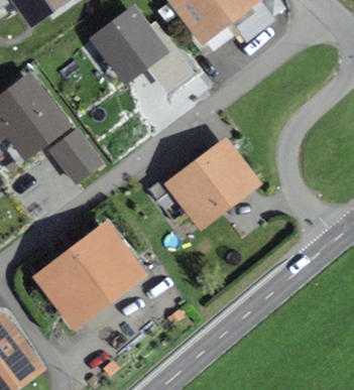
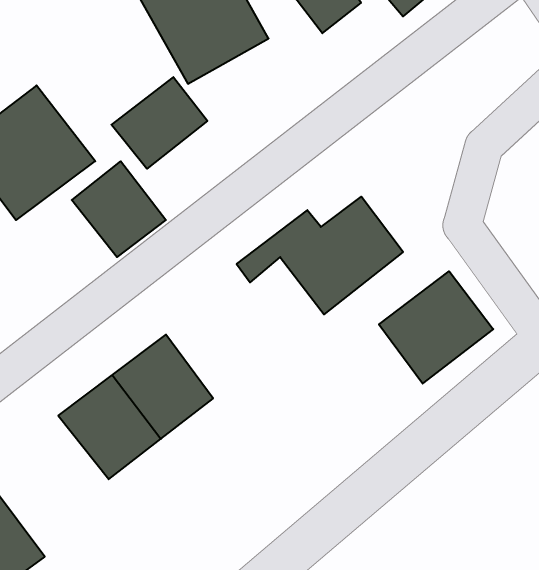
building: [151,53,194,93] -> none
building: none -> [111,77,207,169]
building: none -> [379,271,493,384]

